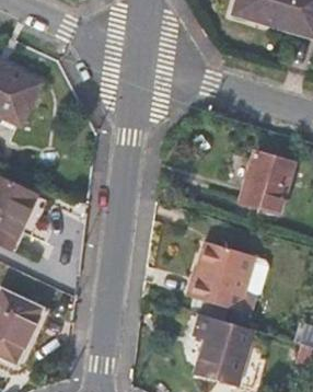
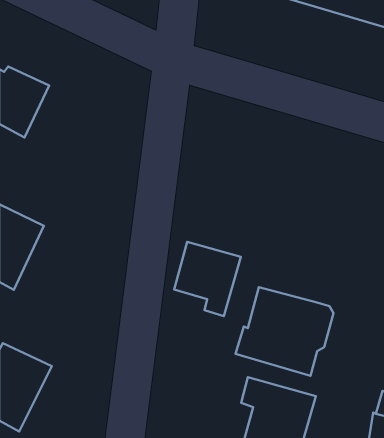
building: [241,151,294,215] -> none
building: none -> [174,242,241,316]

